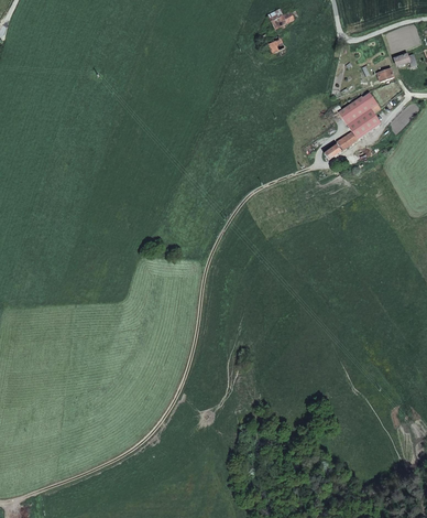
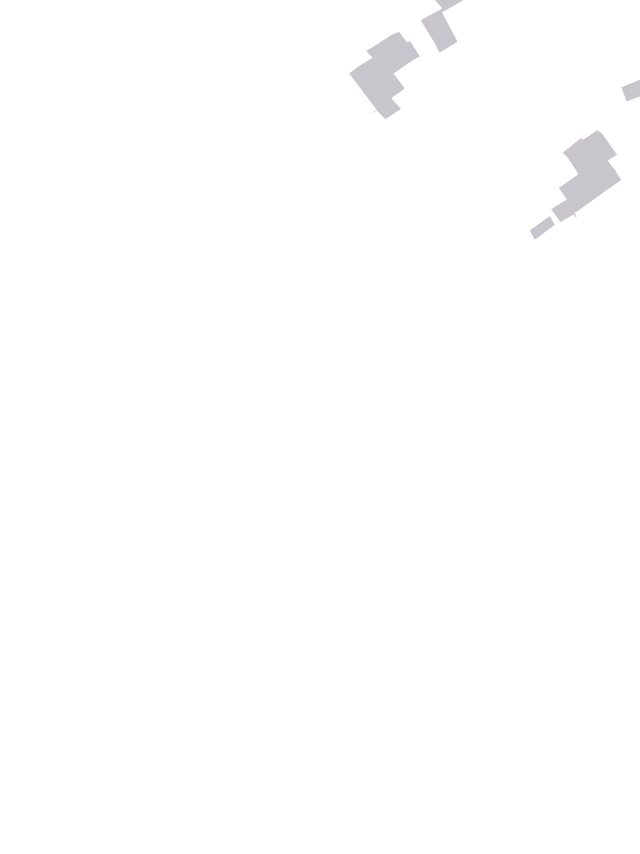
building: none -> [348,31,421,120]

